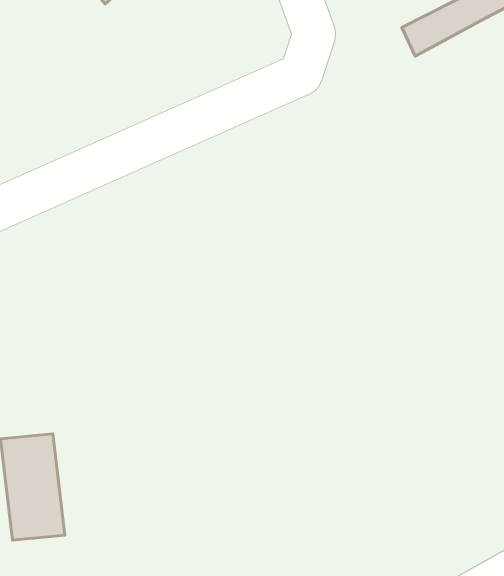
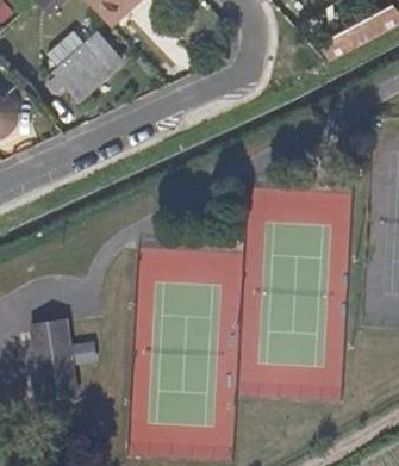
building: none -> [44,30,120,97]

